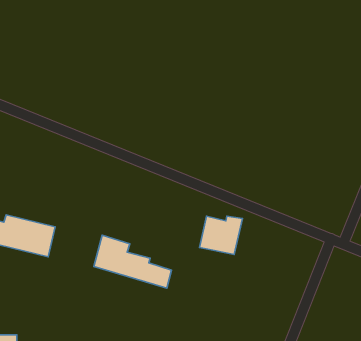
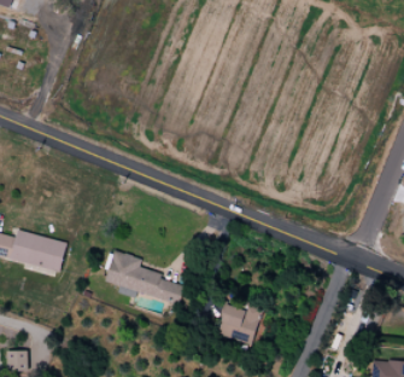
building: [199,216,243,255] -> [217,303,260,342]

